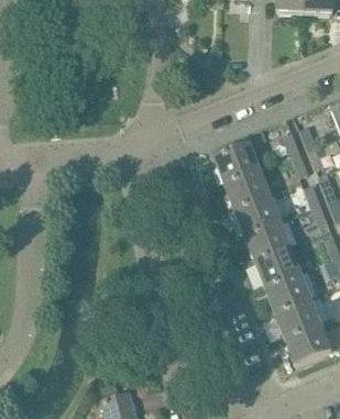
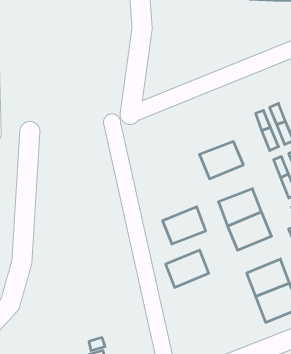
building: [210,141,266,180] -> none
building: [231,191,278,232] -> [163,207,206,244]
building: [262,269,309,310] -> [166,250,209,287]

